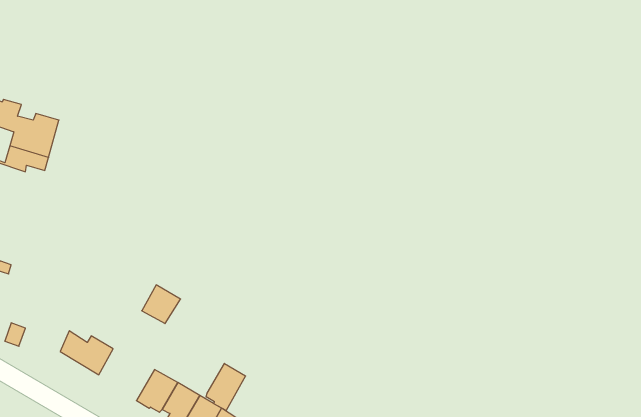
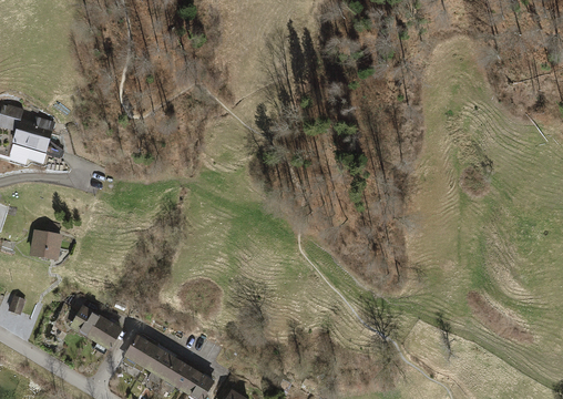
building: none -> [30,229,62,259]
building: [142,285,181,324] -> [89,316,122,349]
building: [206,363,246,410] -> none

